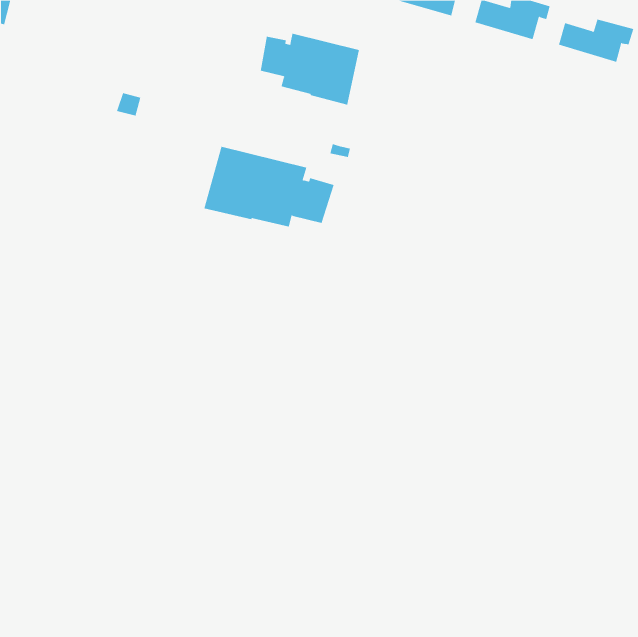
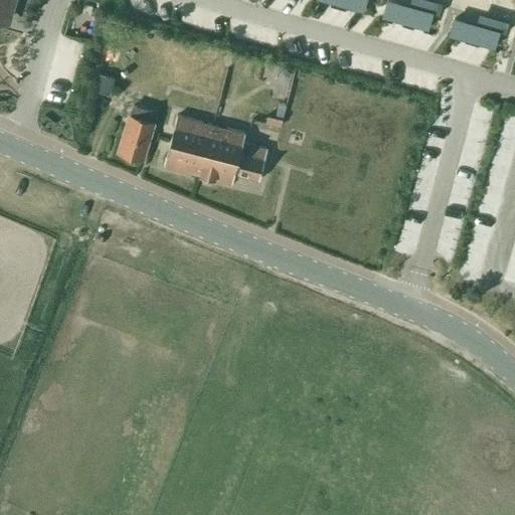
building: [260,33,360,105] -> none
building: none -> [119,105,153,160]

